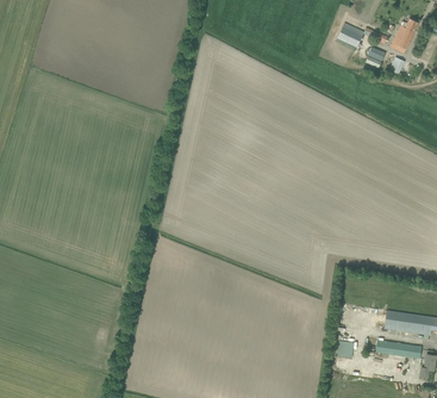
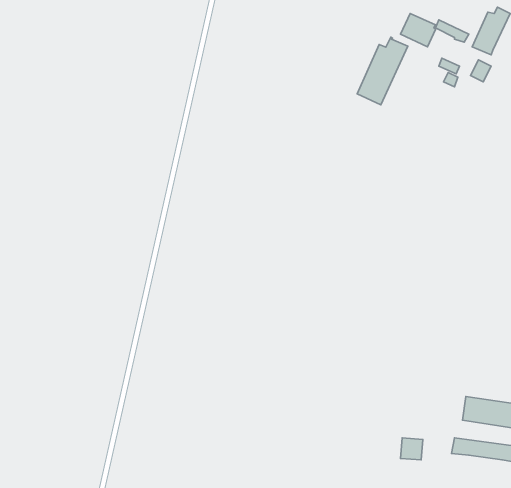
building: none -> [357,37,408,105]

